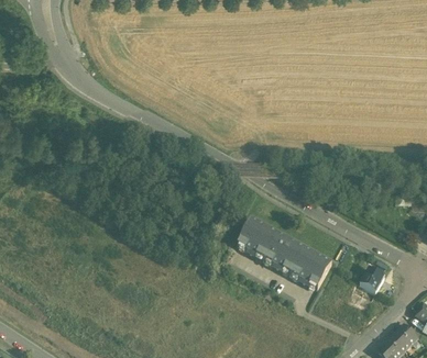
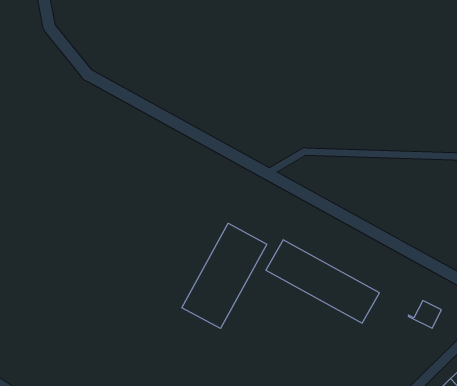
building: none -> [182,223,267,328]

